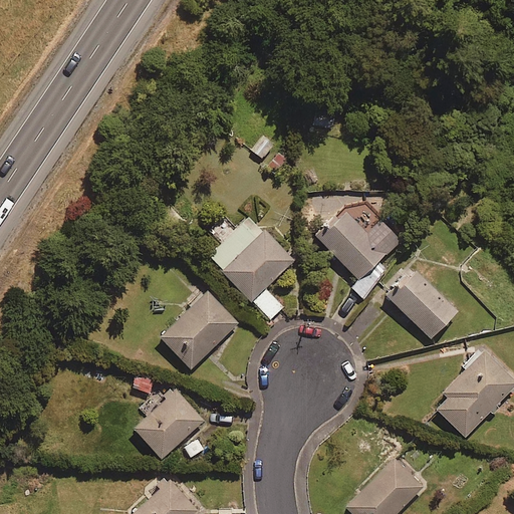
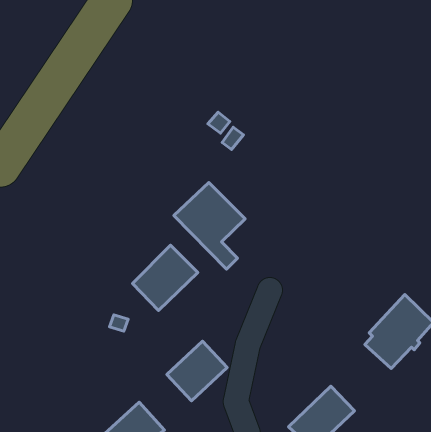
building: [317,211,400,299] -> none
building: [386,269,456,338] -> none
building: [133,390,204,460] -> [167,341,227,401]

